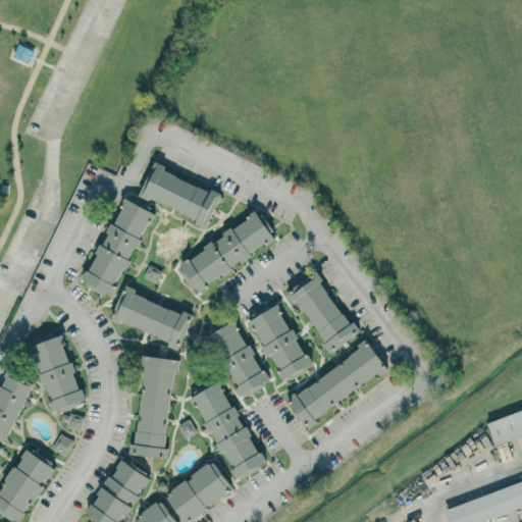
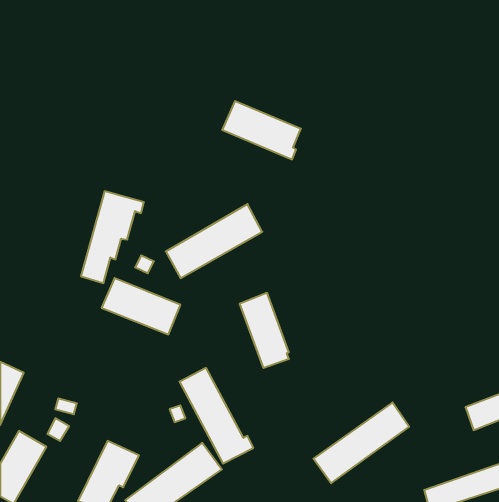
building: [138,166,219,226] -> [222,101,301,159]
building: [291,275,360,354] -> none
building: [208,321,270,399] -> none
building: [31,335,82,413] -> none
building: [285,344,384,427] -> [313,402,409,483]
building: [132,357,178,460] -> none

